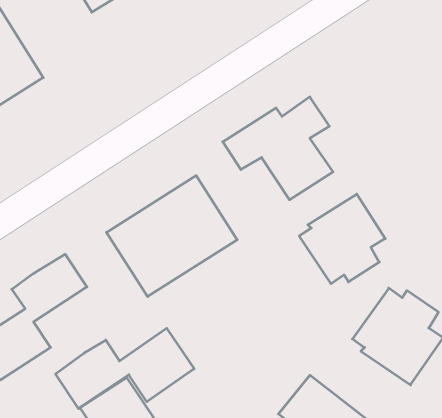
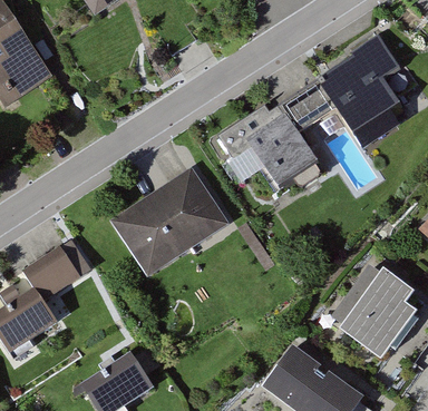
building: none -> [295,35,399,134]
building: [299,194,385,284] -> none
building: [56,328,194,409] -> none

